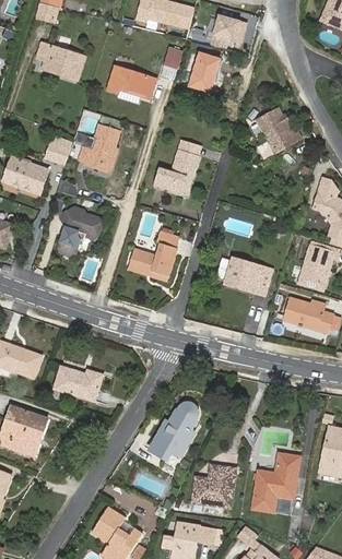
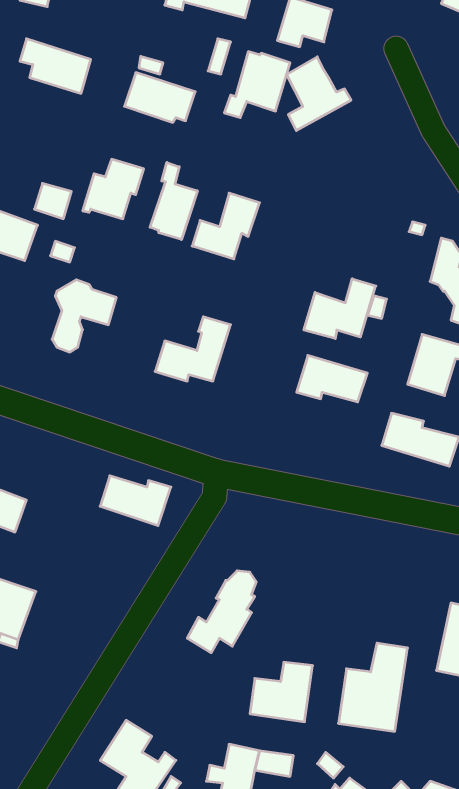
building: [257,108,300,158] -> [287,57,351,131]
building: none -> [150,162,197,240]
building: none -> [304,279,376,339]
building: [55,367,103,401] -> [100,476,171,526]

